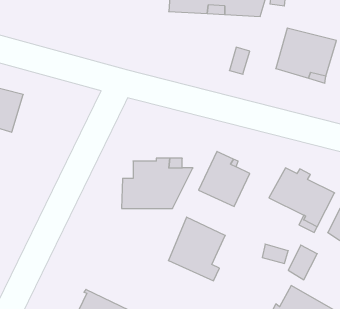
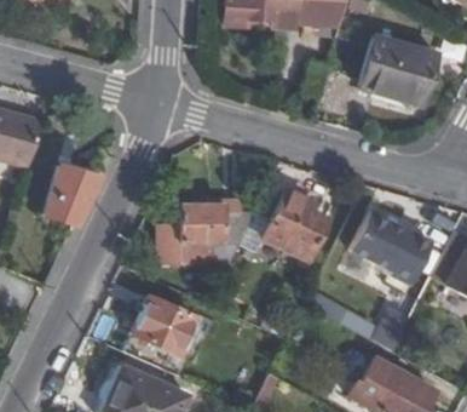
building: none -> [45,166,98,225]
building: [168,217,225,281] -> [126,296,197,376]

